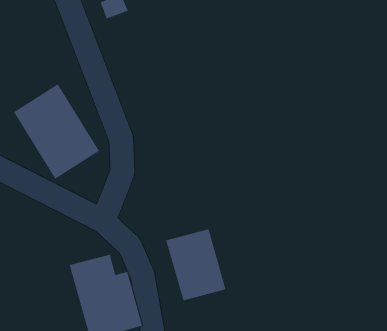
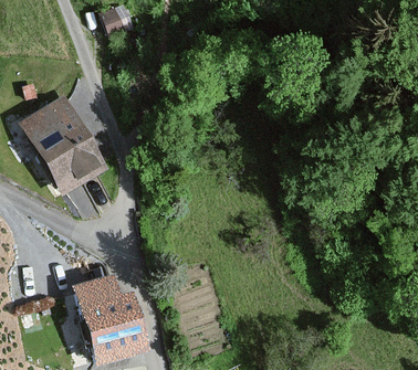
building: [166,228,226,301] -> none

